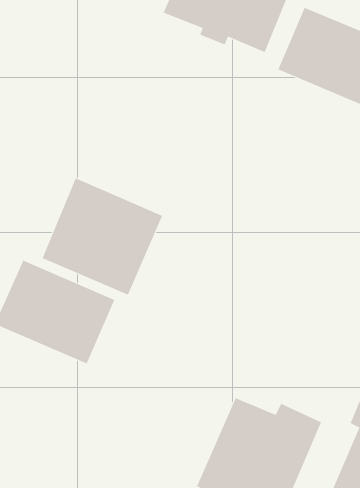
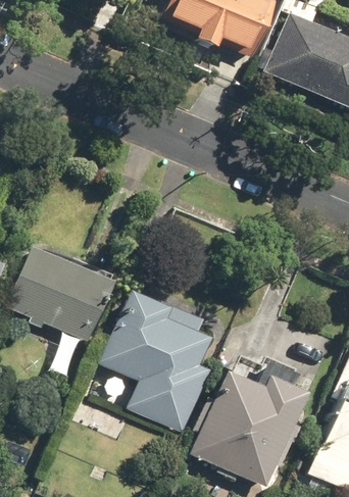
building: [42,177,163,295] -> none
building: none -> [99,290,211,432]

